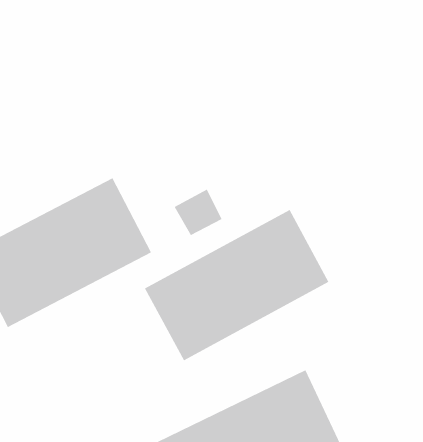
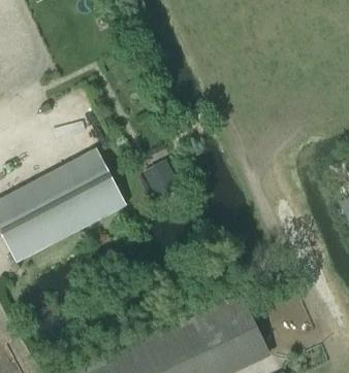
building: [144,209,329,361] -> none

